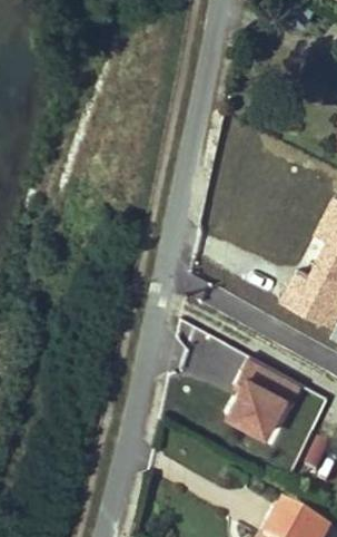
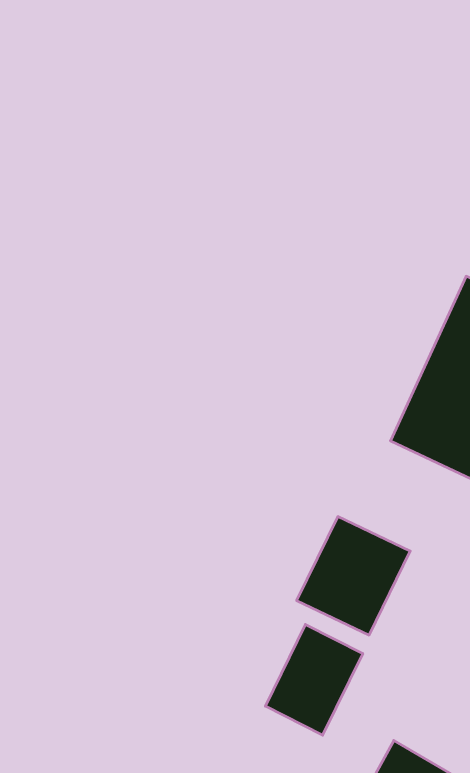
building: none -> [265,624,363,735]

